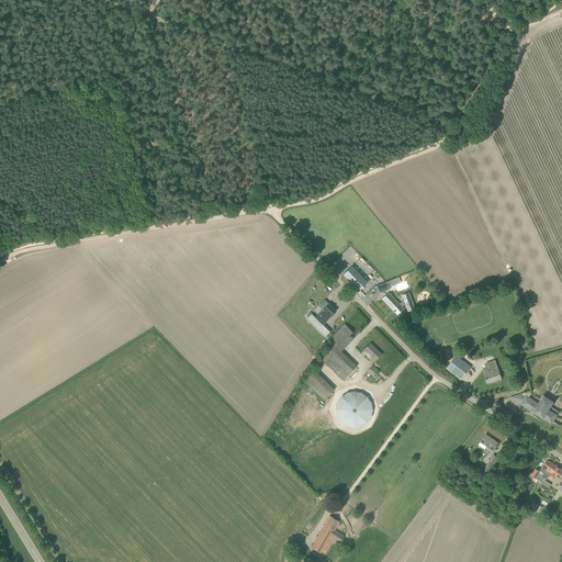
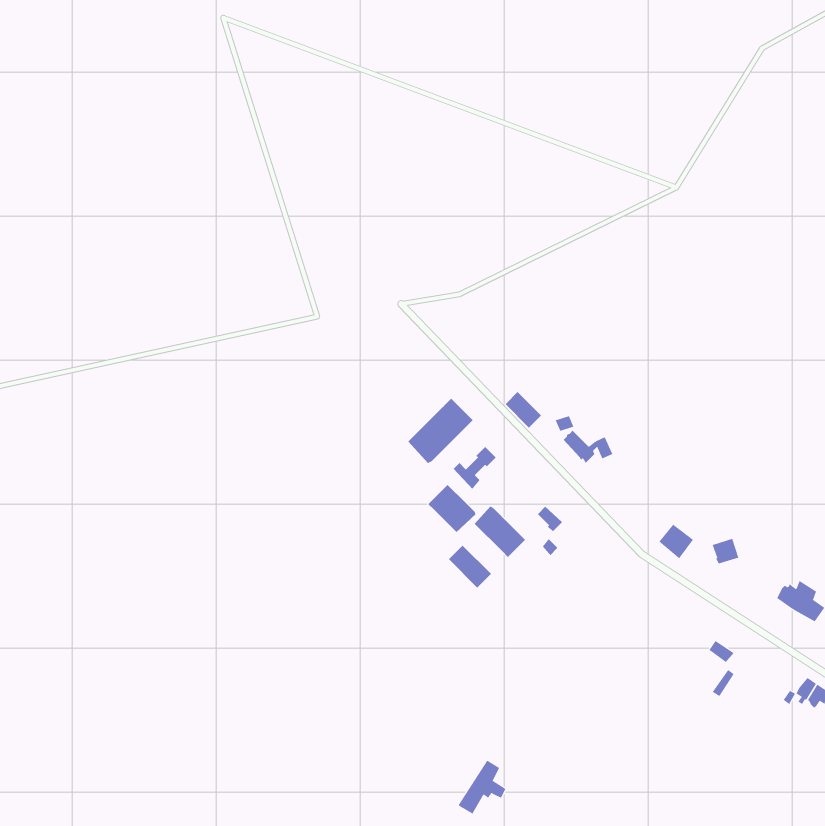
building: none -> [408,398,474,464]
building: none -> [428,484,476,533]
building: [336,390,372,426] -> none

